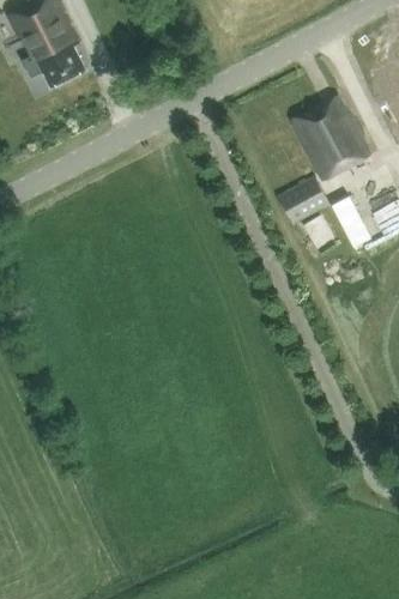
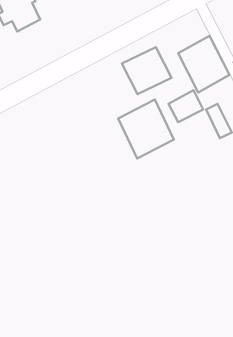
building: none -> [122,47,172,94]
building: none -> [118,100,174,158]

